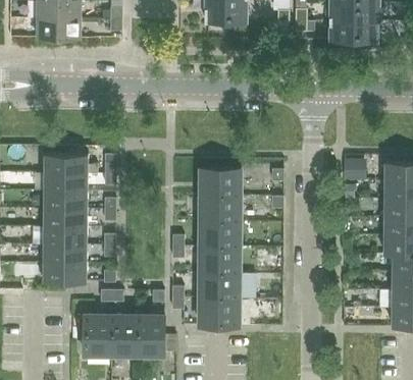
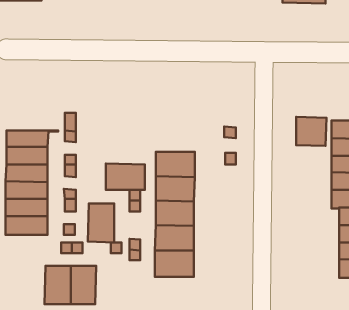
building: [44,154,98,173] -> none
building: [200,168,241,196] -> [106,164,145,190]
building: [137,315,164,356] -> [88,204,114,243]

